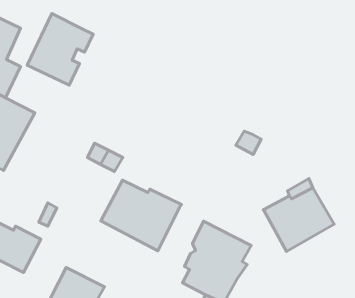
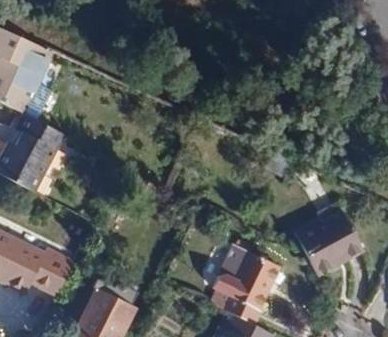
building: [27,14,93,85] -> none
building: [101,180,182,251] -> none

